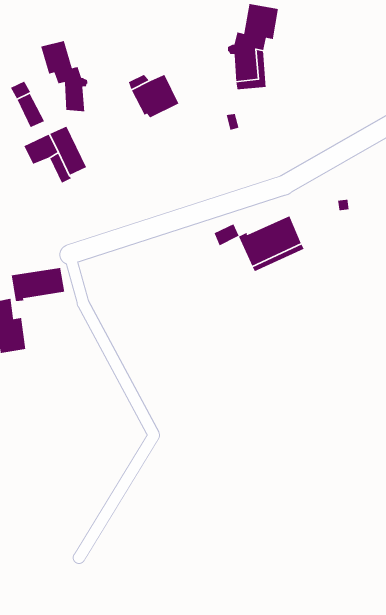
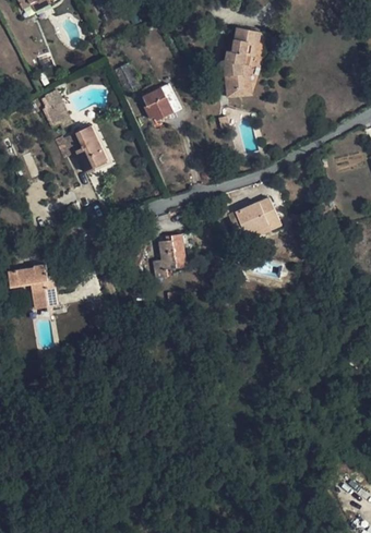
building: [40,40,88,112] -> none
building: none -> [153,233,187,278]
building: [11,267,65,302] -> none

